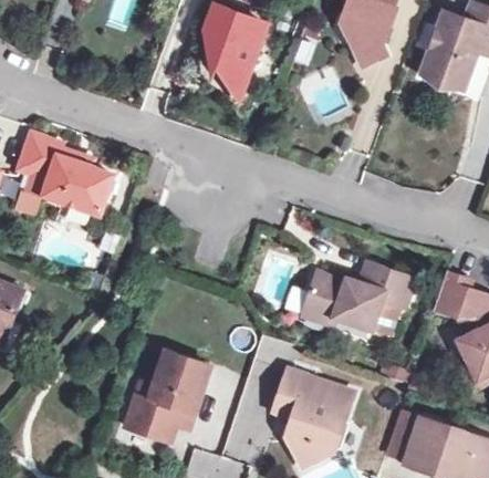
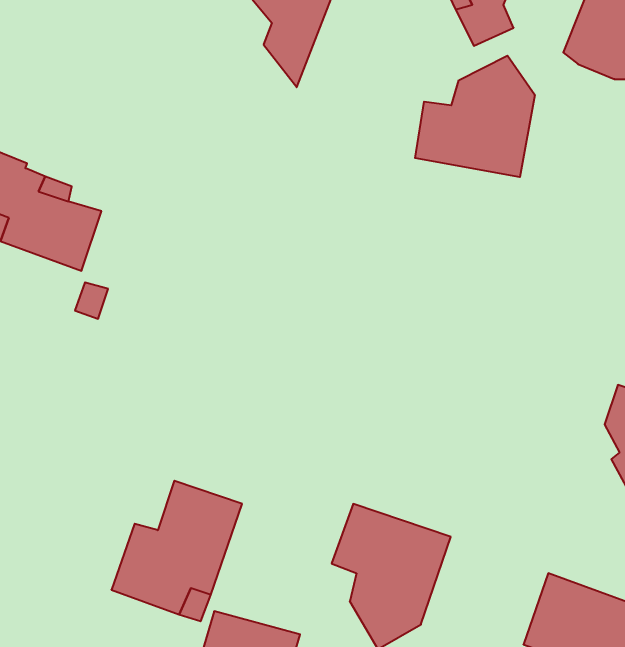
building: none -> [415,56,535,177]
building: [293,264,404,333] -> none

